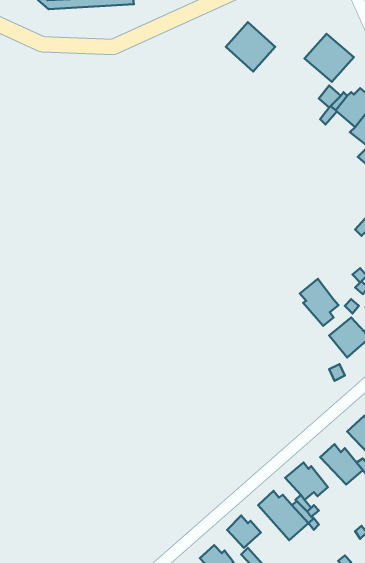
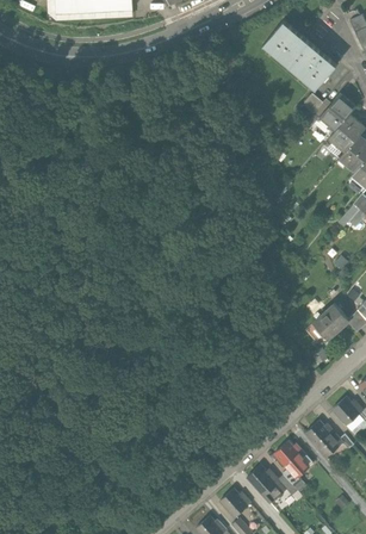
building: [226,22,275,71] -> [265,20,310,66]
building: [300,279,339,326] -> none

